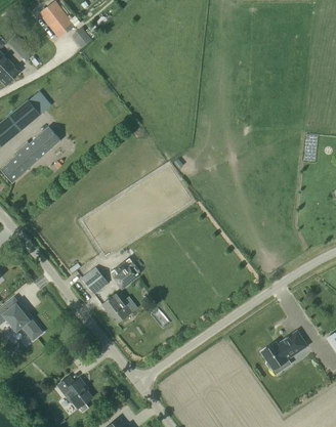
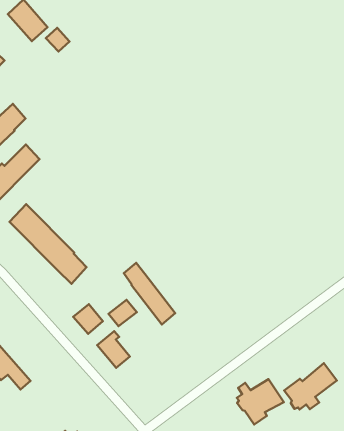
building: none -> [9,204,87,284]
building: none -> [124,263,175,324]
building: none -> [237,379,284,424]

